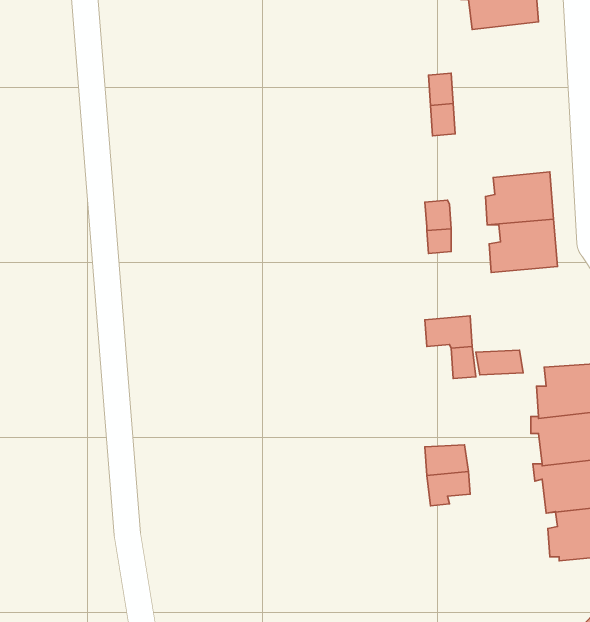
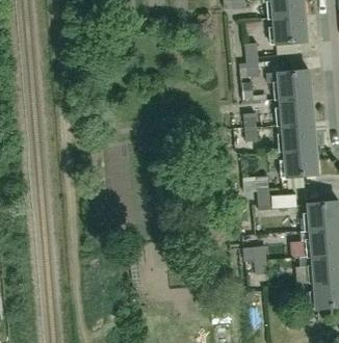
building: none -> [269,14,309,44]
building: none -> [273,70,312,99]
building: none -> [280,148,318,177]

